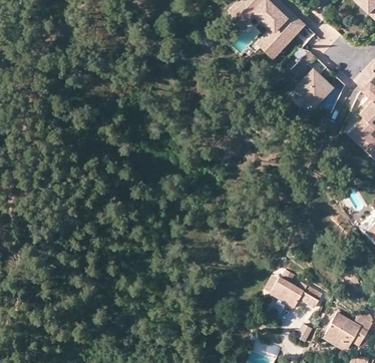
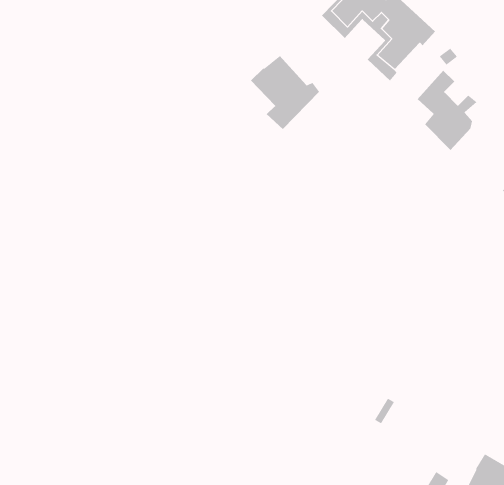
building: none -> [250,55,320,130]
building: [270,272,322,309] -> none

